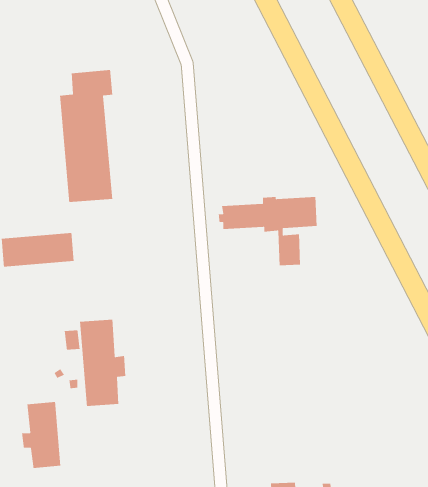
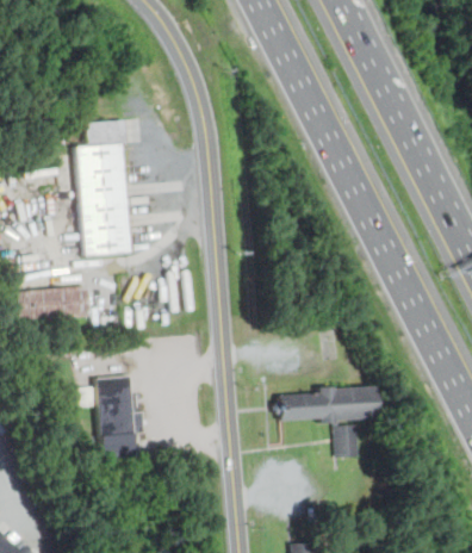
building: [218,196,317,266] -> [274,386,375,458]
building: [21,401,61,469] -> none

